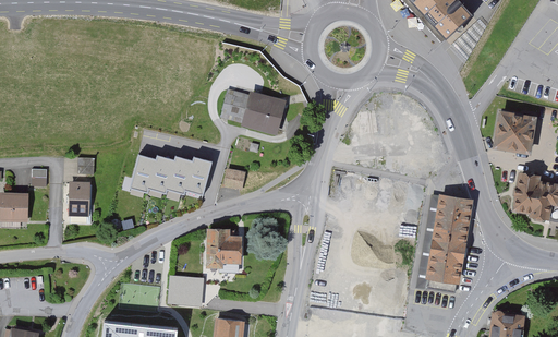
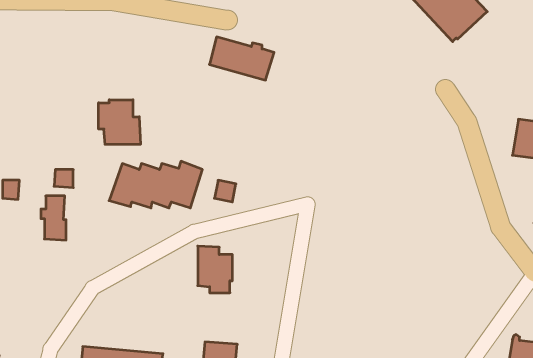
building: [221,91,280,130] -> [209,37,274,80]
building: none -> [99,100,140,144]
building: [425,197,471,292] -> none
building: [168,276,201,305] -> none

